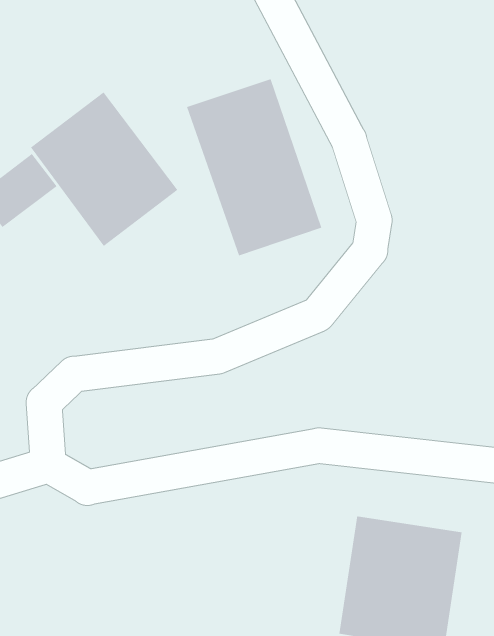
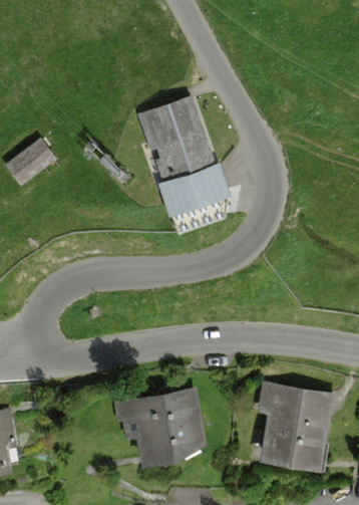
building: [30,92,178,247] -> none
building: none -> [115,390,201,459]

